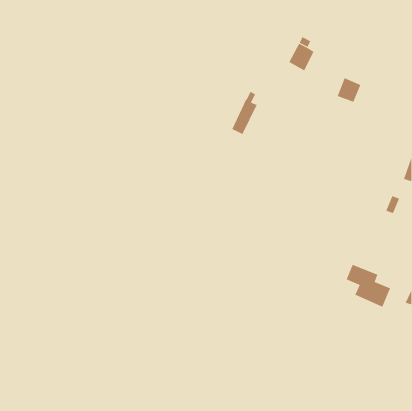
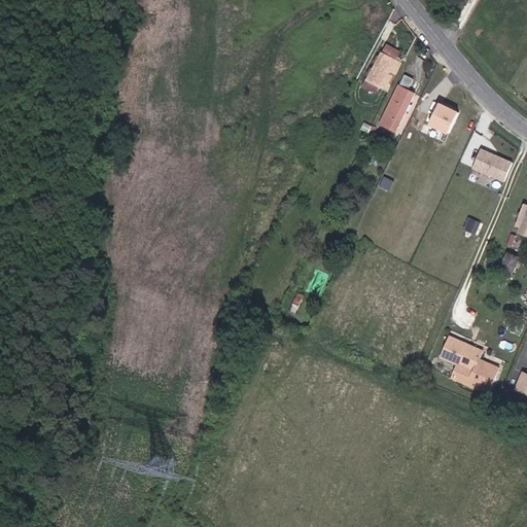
building: [232,91,257,135] -> [381,73,414,129]
building: none -> [470,147,512,181]

